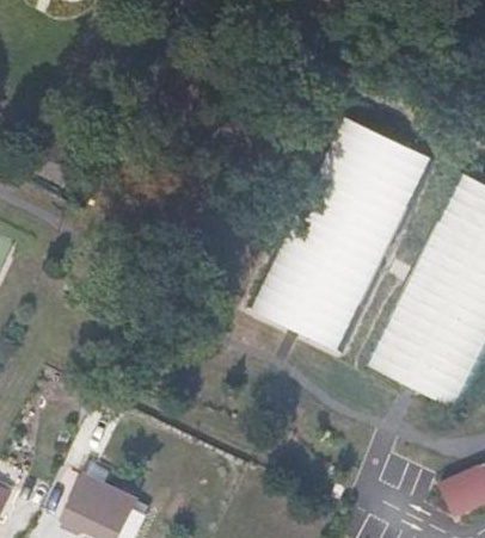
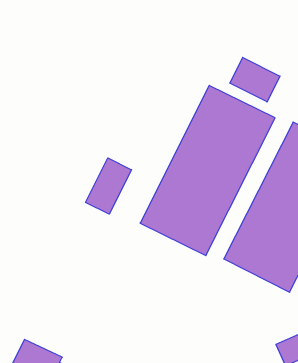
building: none -> [230,57,280,102]
building: none -> [86,158,132,214]

